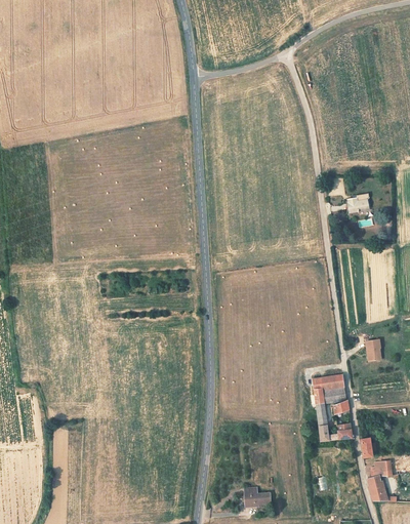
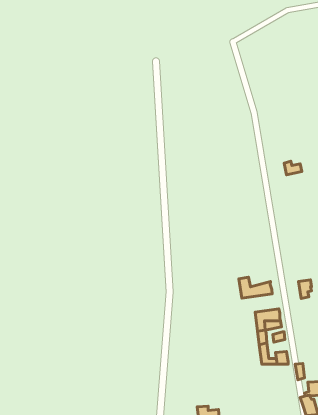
building: none -> [239,277,272,298]

